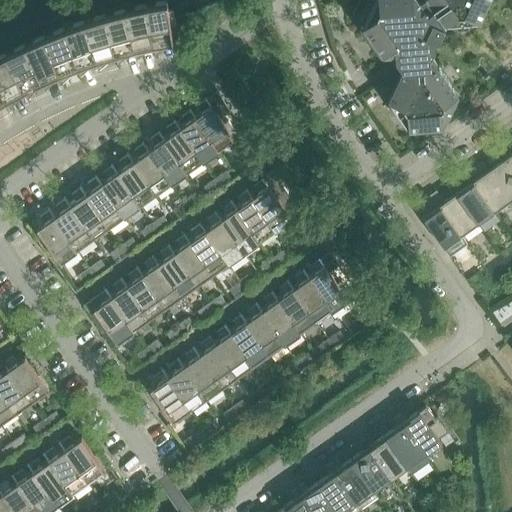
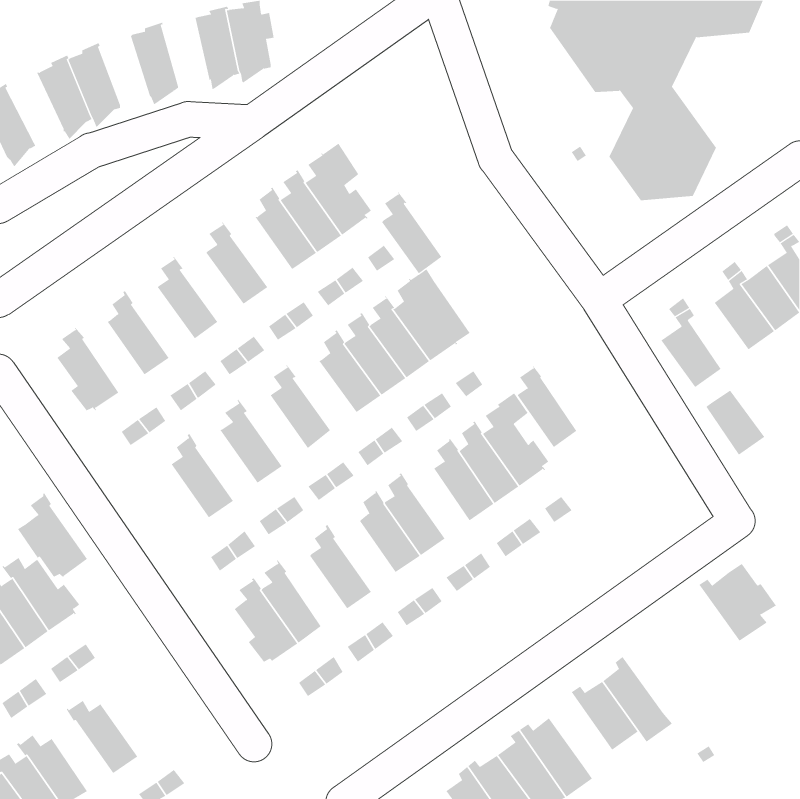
building: [103,11,133,64] -> none
building: [63,22,96,76] -> none
building: [4,46,40,99] -> none
building: [147,132,186,185] -> [381,191,442,274]
building: [115,154,155,207] -> none
building: [84,176,124,230] -> none
building: [439,195,477,237] -> [705,390,765,456]
building: [53,198,92,252] -> none
building: [187,223,227,276] -> none
building: [156,245,196,299] -> none
building: [125,267,164,321] -> none
building: [88,289,133,344] -> [17,491,88,578]
building: [260,292,299,345] -> [516,365,577,448]
building: [213,325,252,379] -> none
building: [182,347,221,401] -> none
building: [397,406,447,456] -> [698,563,777,641]
building: [57,437,107,484] -> none
building: [350,443,390,491] -> none
building: [26,459,72,506] -> none

